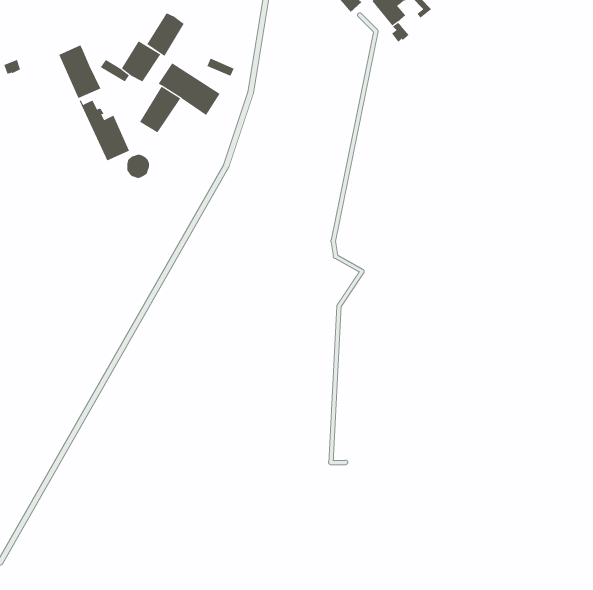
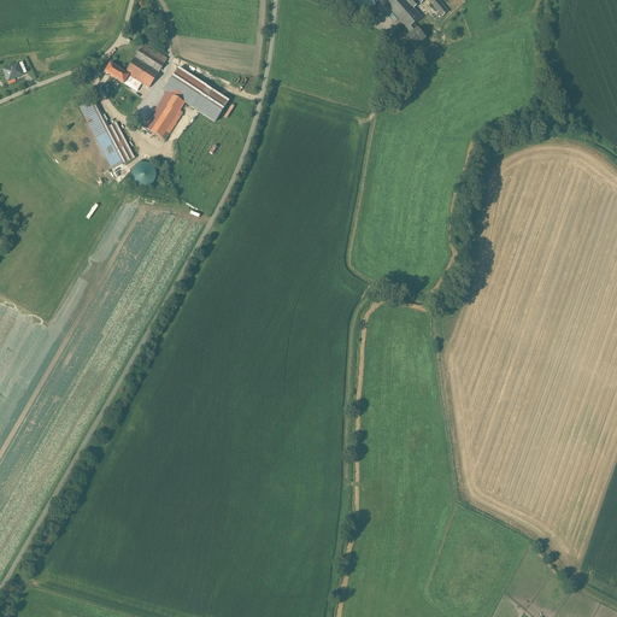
building: [146,13,184,57] -> none
building: [59,44,101,99] -> none

